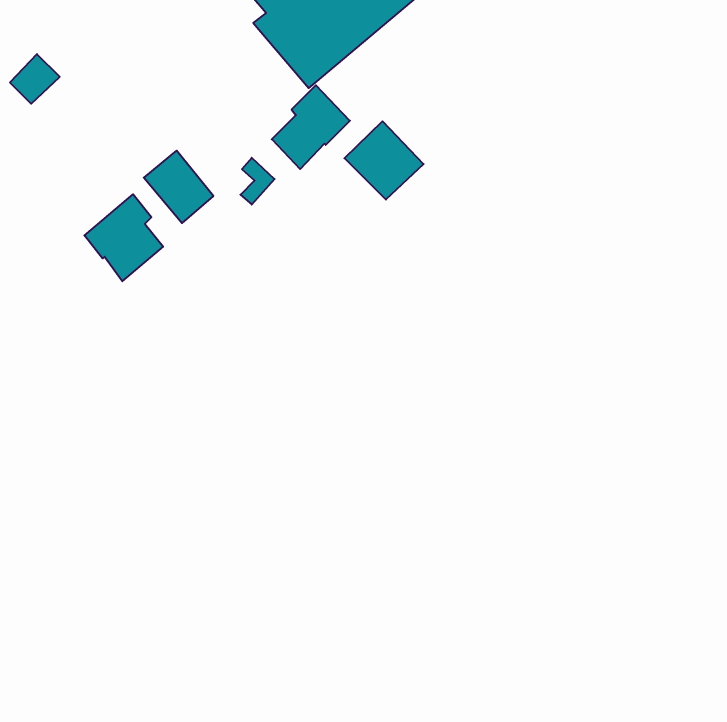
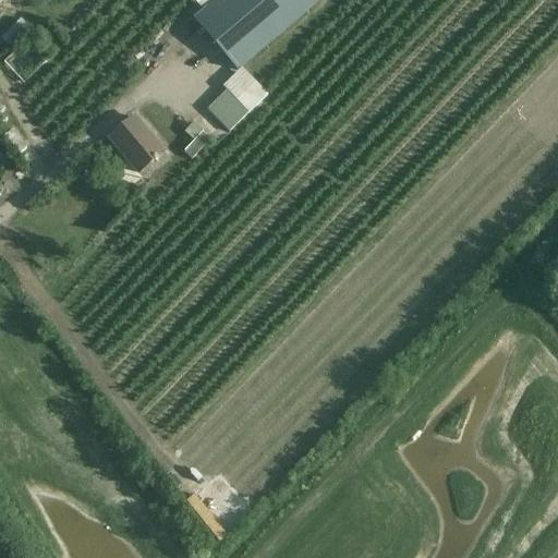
building: [344,121,424,200] -> none
building: [84,194,163,281] -> none

